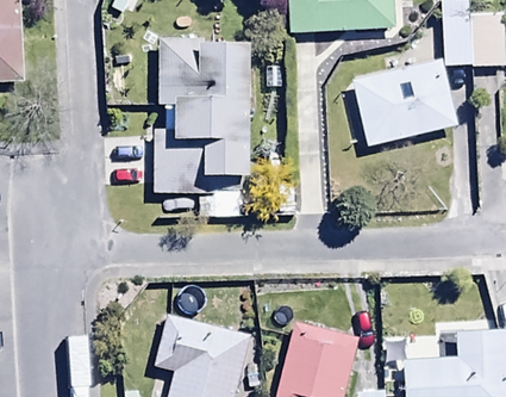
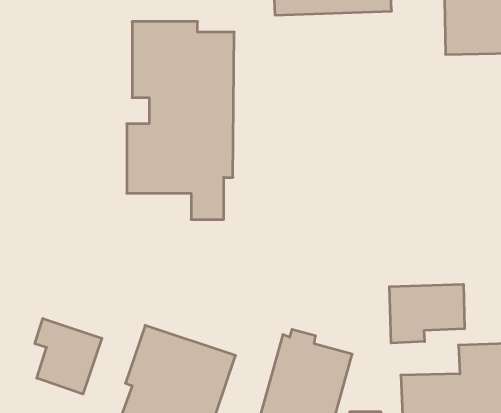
building: [352,58,455,145] -> none
building: none -> [389,284,465,343]
building: none -> [35,318,102,394]

